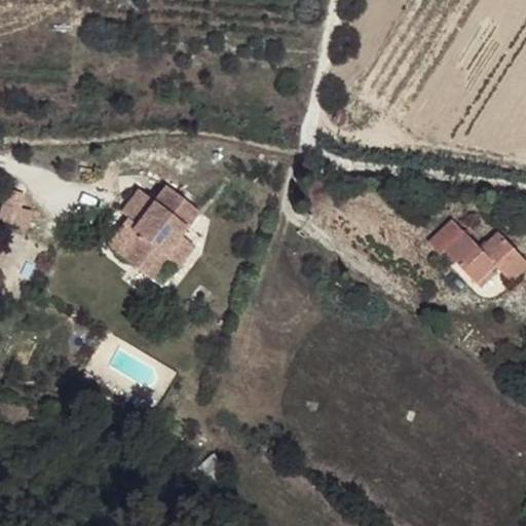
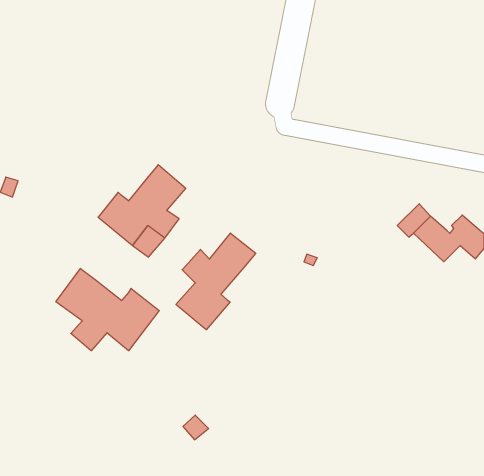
building: none -> [176,233,256,330]
building: none -> [56,268,159,351]

